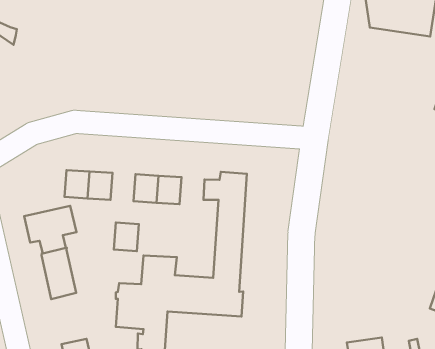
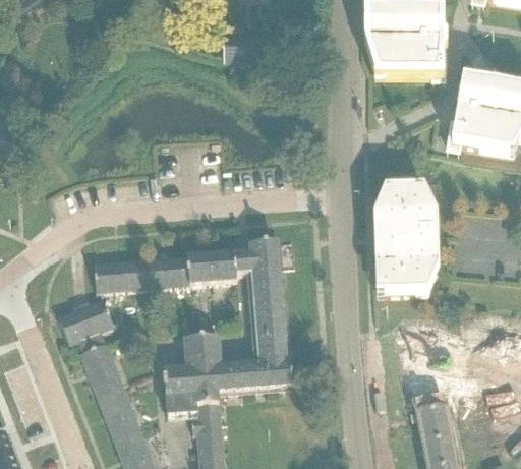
building: none -> [374,184,440,291]
building: none -> [212,250,237,279]
building: [114,223,139,251] -> [141,255,167,285]
building: none -> [99,384,140,437]

